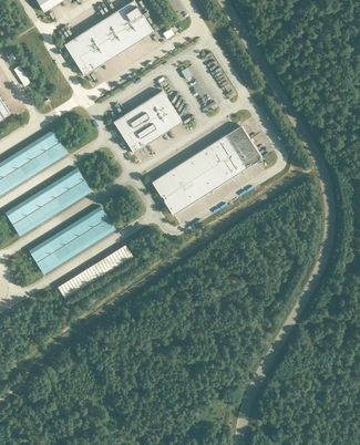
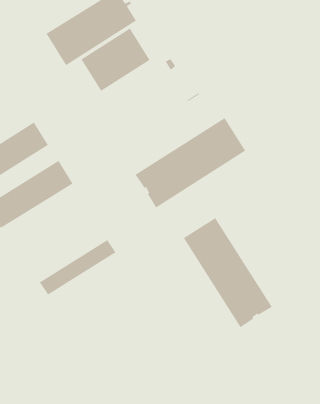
building: [113,90,182,153] -> [81,27,150,92]
building: [29,206,114,273] -> none
building: none -> [183,217,273,328]

